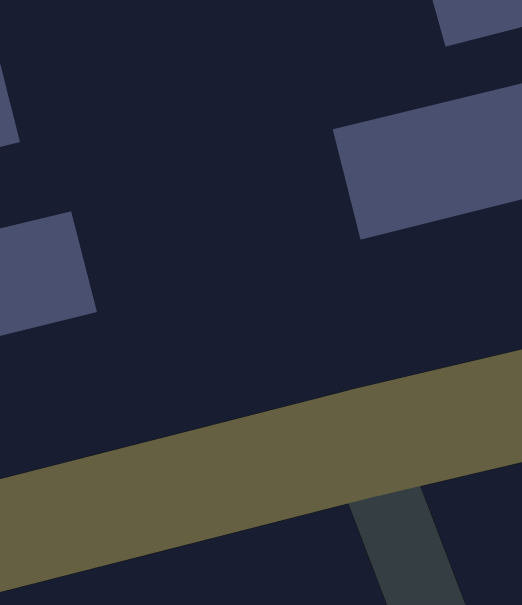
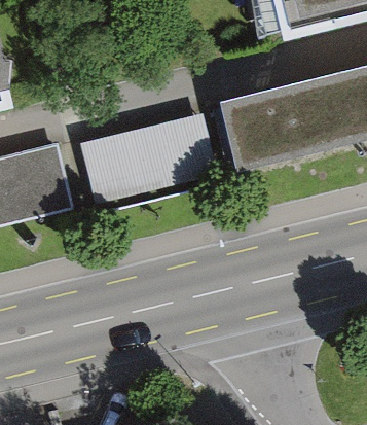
building: none -> [79,113,216,204]

